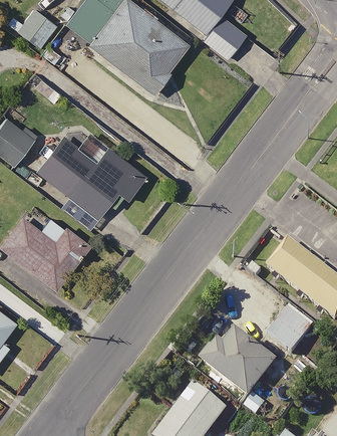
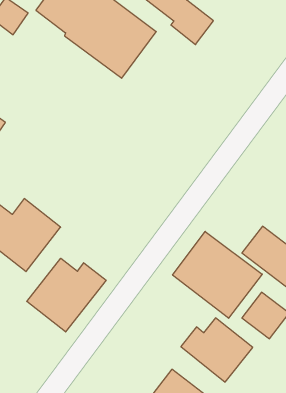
building: [28,131,137,211] -> none
building: none -> [173,231,262,318]
building: none -> [27,258,106,332]

